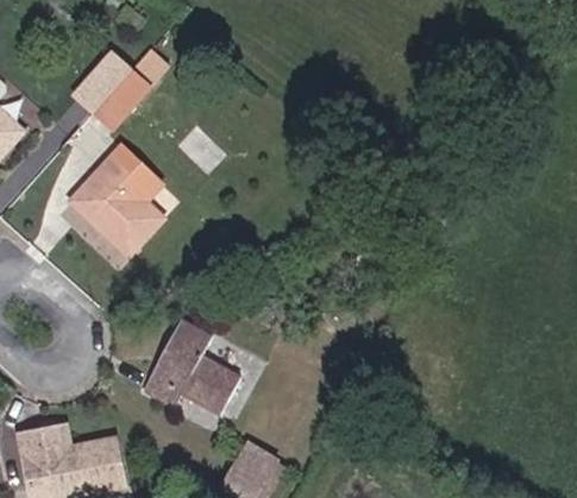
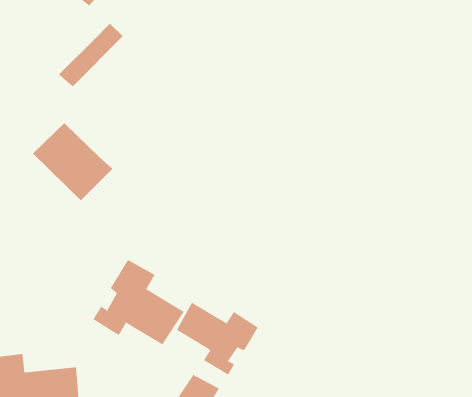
building: [76,48,136,107] -> none
building: [106,145,162,201] -> none
building: none -> [176,302,259,375]

